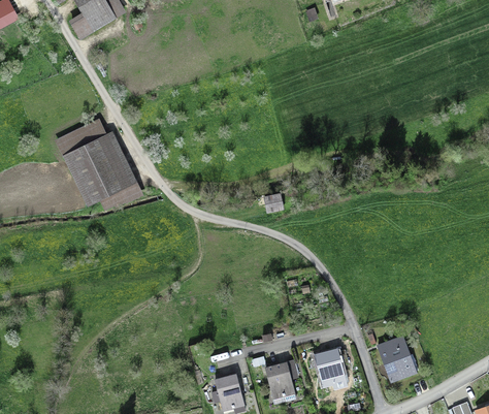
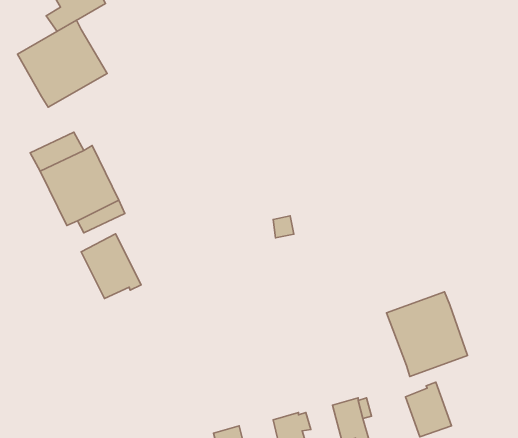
building: none -> [18,20,107,107]
building: none -> [81,234,141,299]
building: none -> [387,292,468,376]

